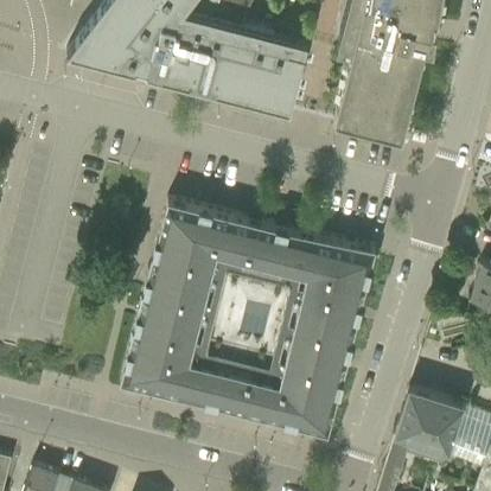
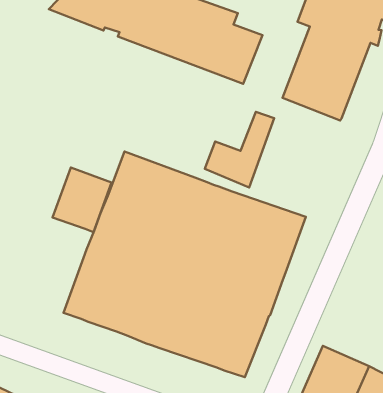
building: none -> [205,112,274,187]
building: none -> [53,168,112,232]

